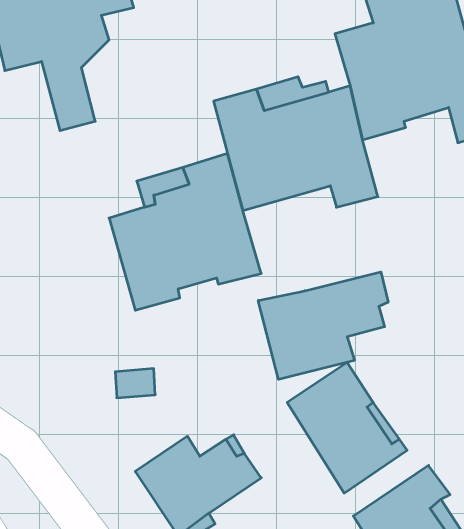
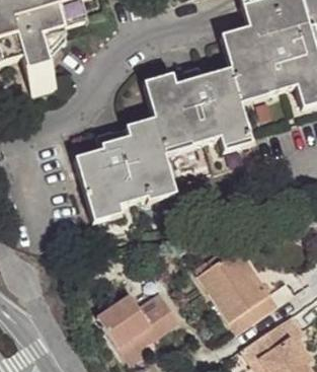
building: [258,272,388,379] -> none

